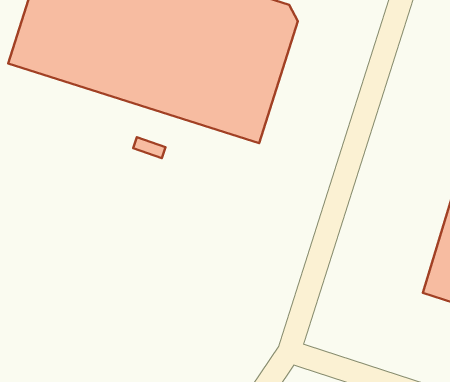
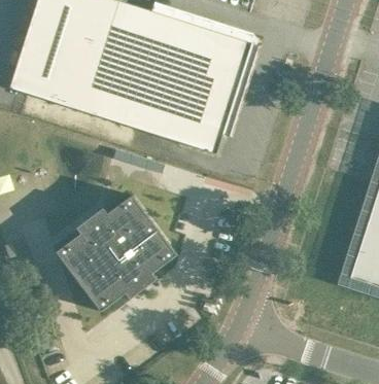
building: none -> [55,196,175,312]

